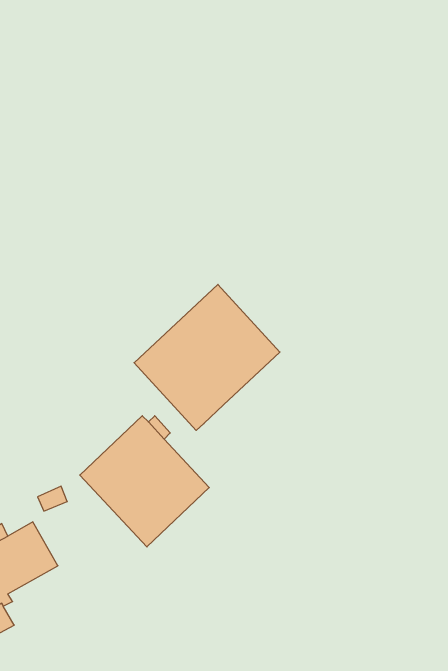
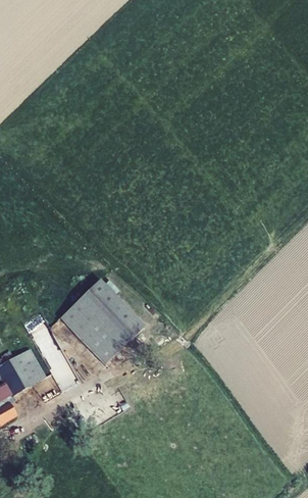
building: [134,284,280,430] -> none

